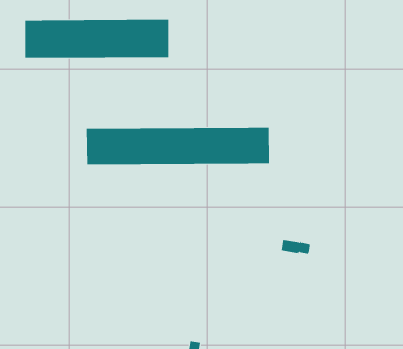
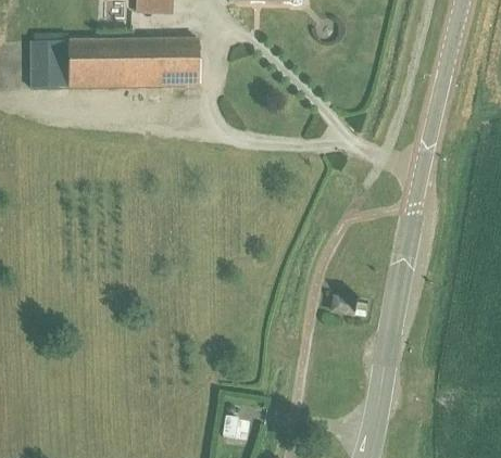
building: [86,127,270,165] -> none

